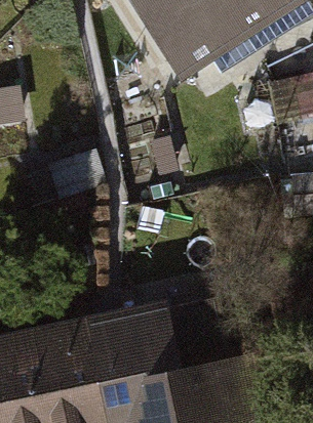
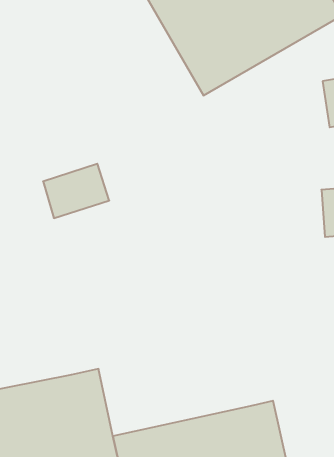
building: [87,302,222,386] -> none

